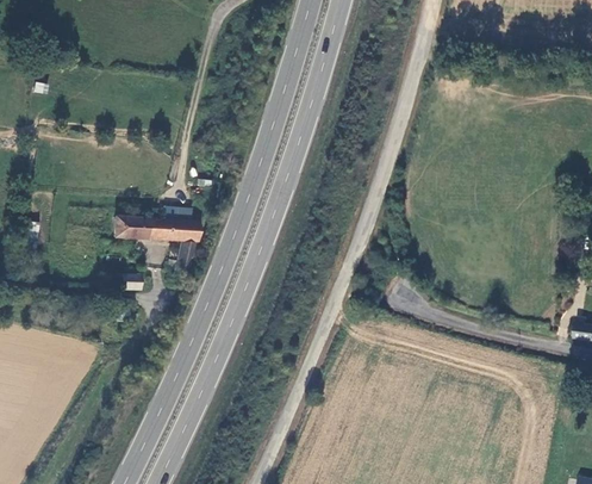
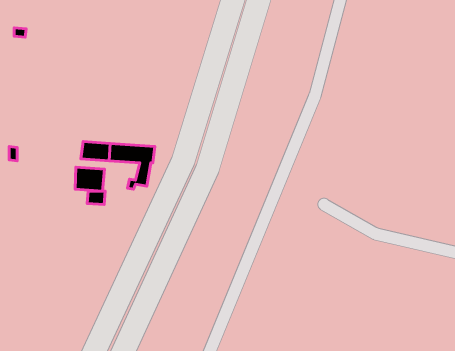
building: none -> [75,167,104,191]

